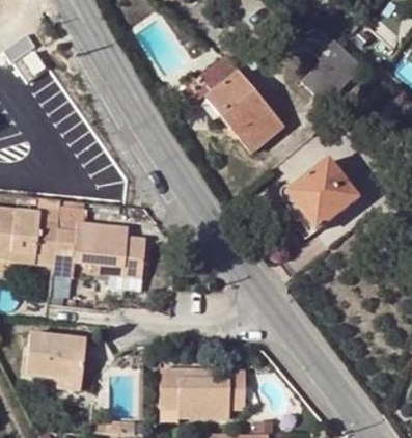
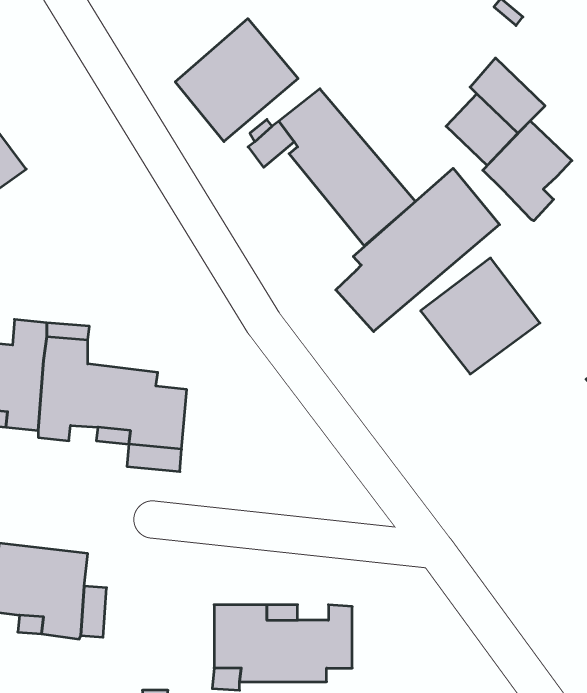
building: none -> [175,19,298,142]
building: none -> [483,121,572,221]
building: none -> [336,168,500,332]

